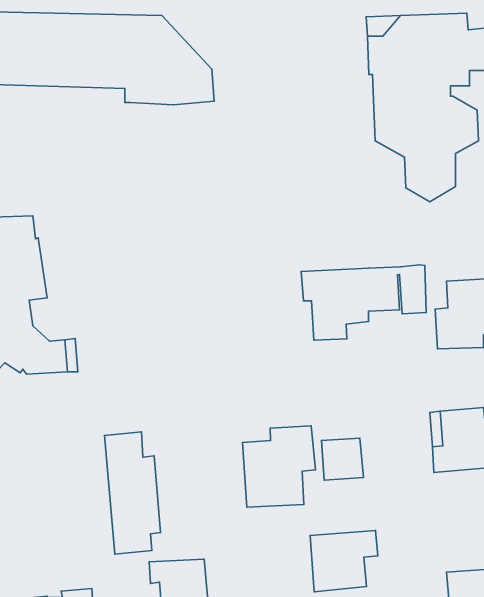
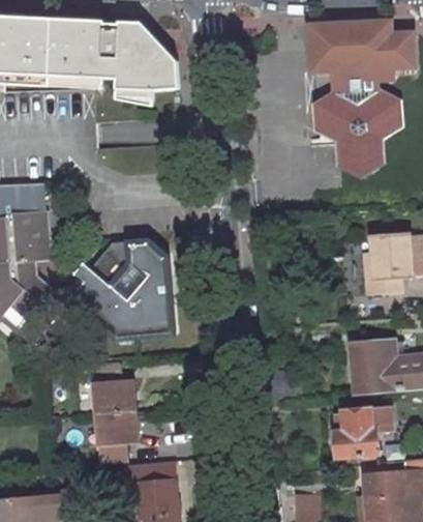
building: [301,265,426,340] -> none
building: none -> [74,240,172,336]
building: [243,426,315,507] -> none
building: [310,530,378,592] -> [339,406,394,456]

